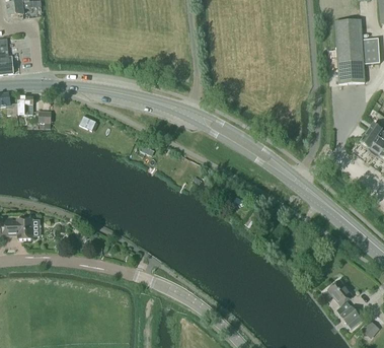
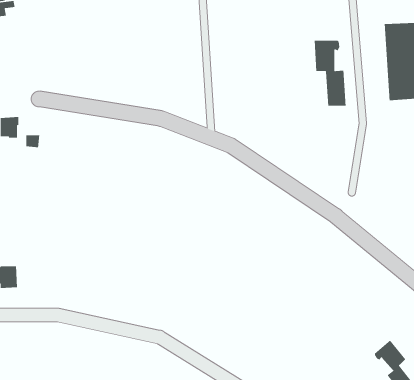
building: none -> [314,40,346,106]

